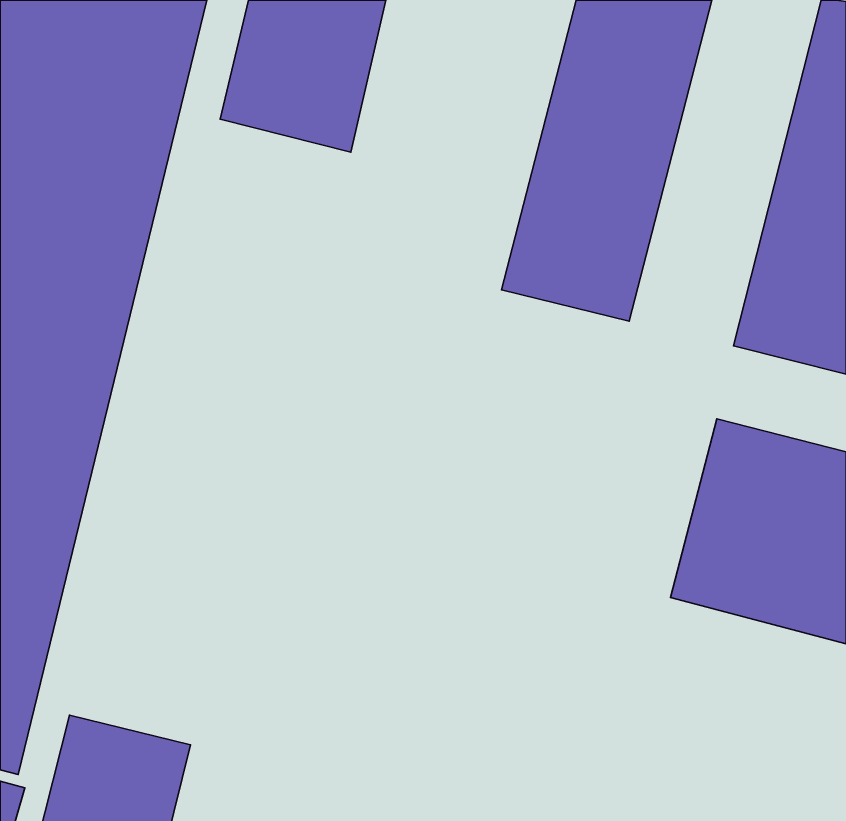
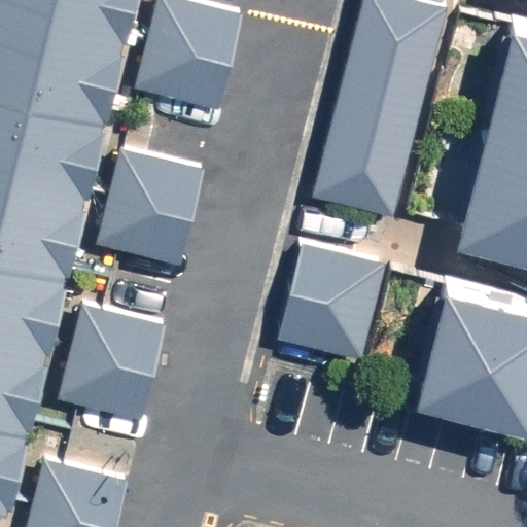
building: none -> [100,149,202,265]
building: none -> [279,243,386,358]
building: none -> [58,306,161,419]

